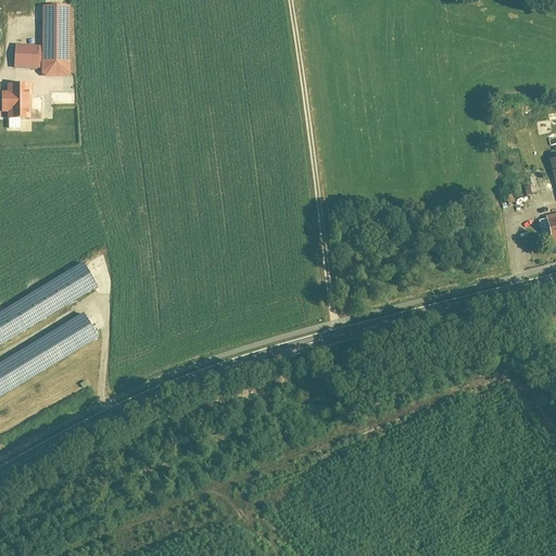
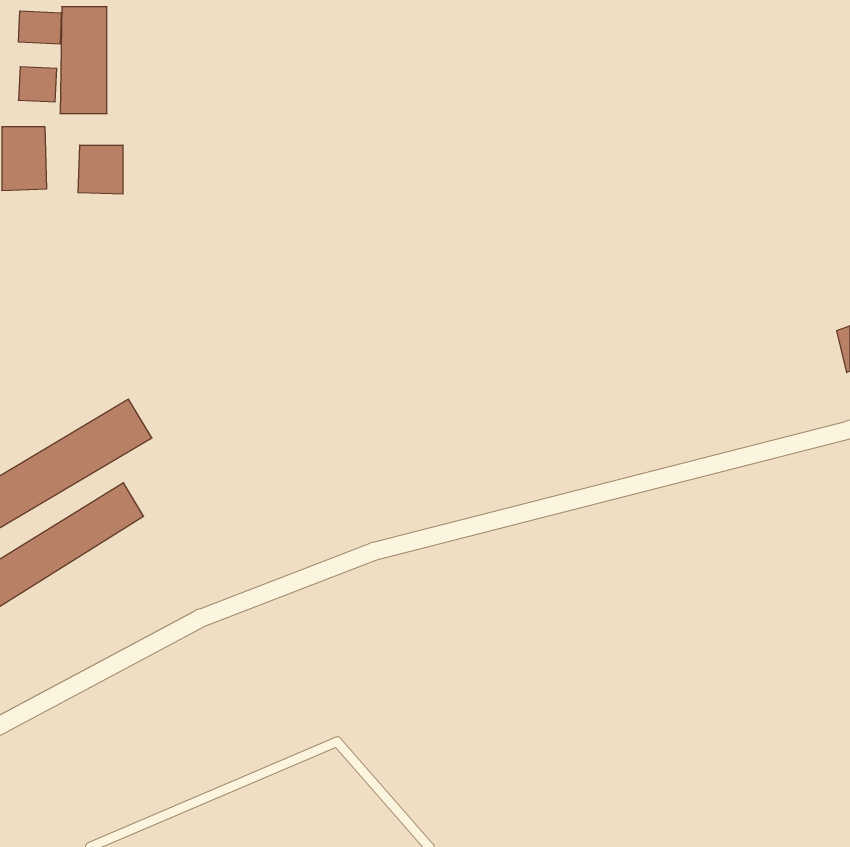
building: none -> [19,11,61,44]
building: none -> [78,145,123,194]

